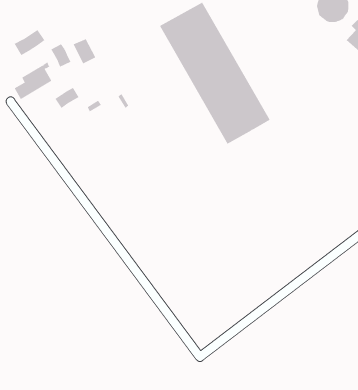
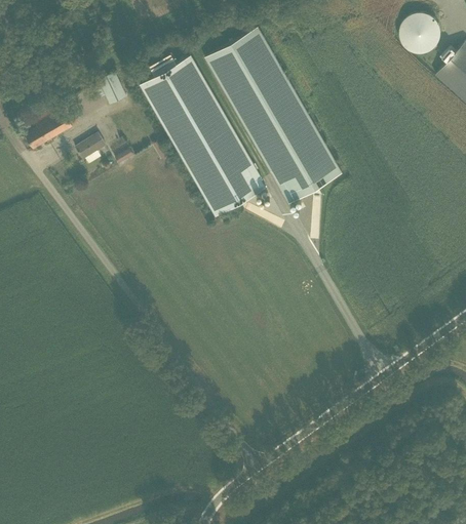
building: none -> [141,55,265,215]
building: [14,29,45,56] -> none
building: [51,43,71,68] -> none

